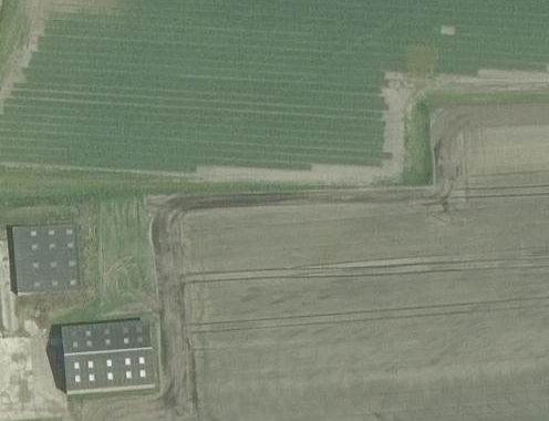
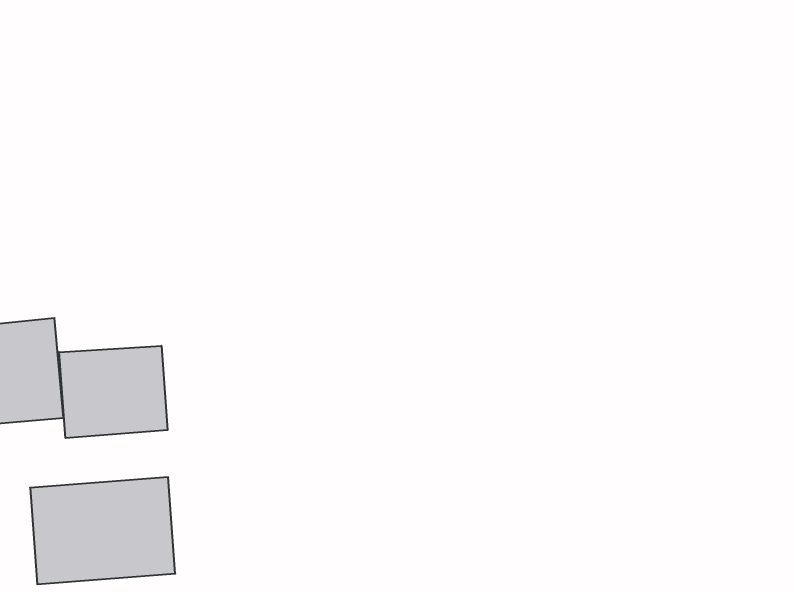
building: none -> [59,346,168,438]

